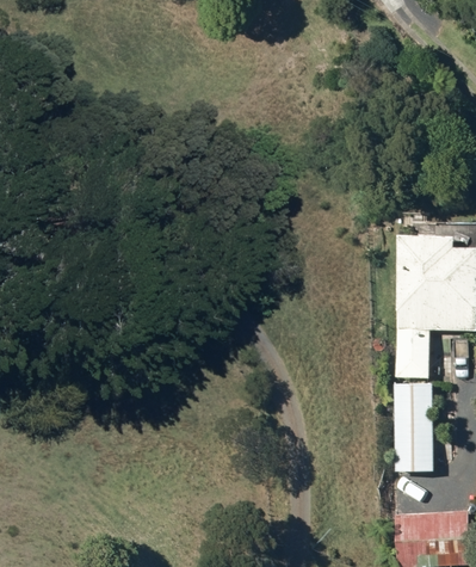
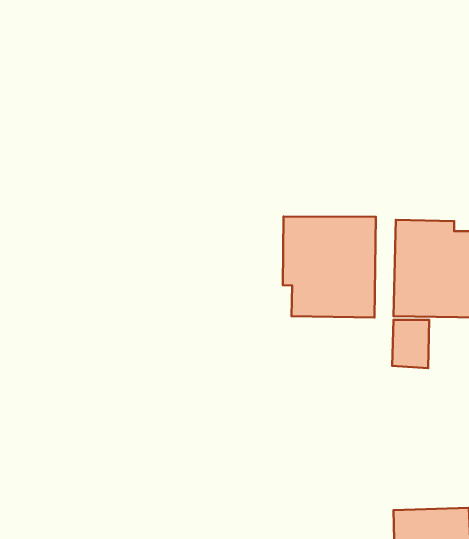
building: none -> [283,217,376,317]
building: [394,382,434,474] -> none

